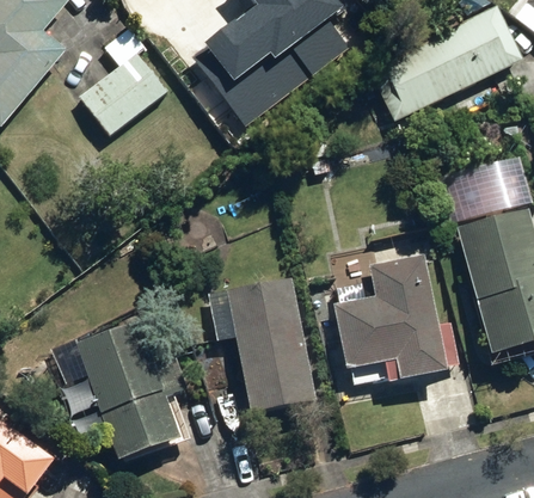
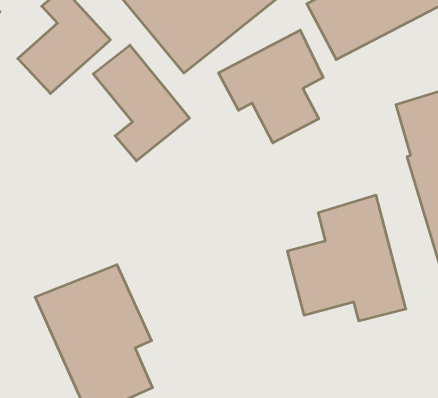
building: none -> [219,30,323,143]
building: none -> [93,45,189,161]
building: [204,278,314,416] -> none

